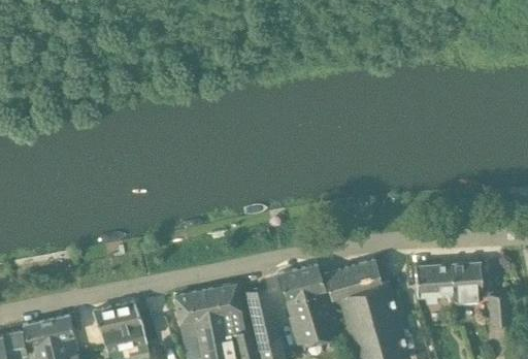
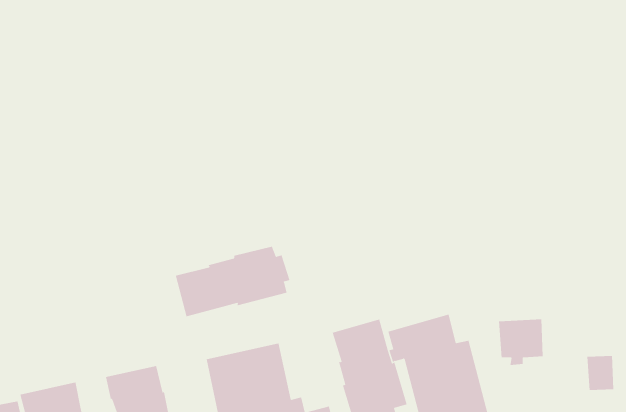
building: none -> [175,246,290,317]
building: [451,262,483,299] -> none
building: [243,286,274,328] -> none

